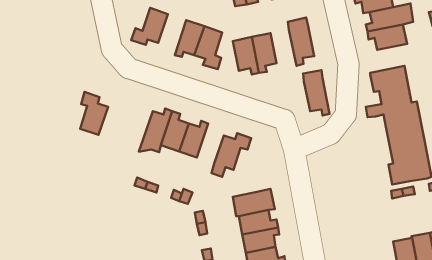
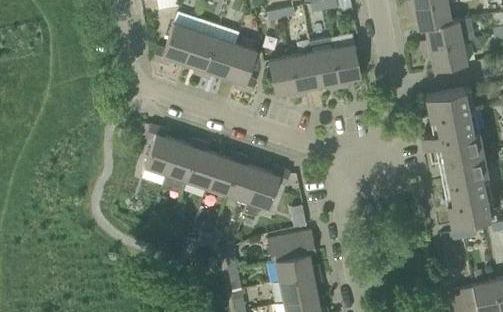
building: none -> [184,30,216,77]
building: [303,70,329,116] -> [311,39,341,91]
building: [80,92,108,135] -> [146,124,178,173]
building: none -> [228,155,259,201]

